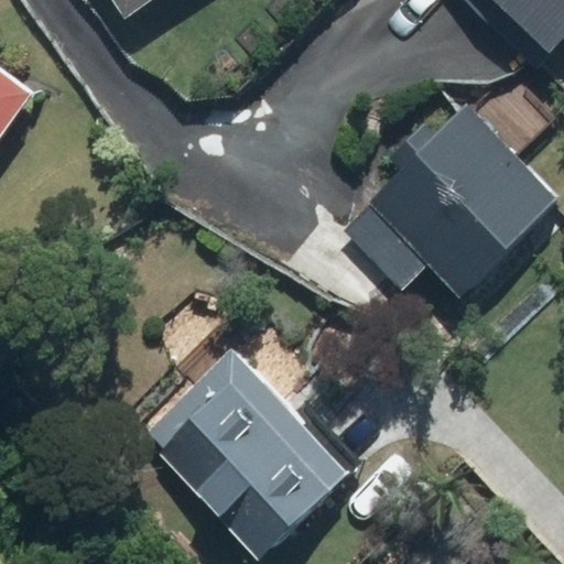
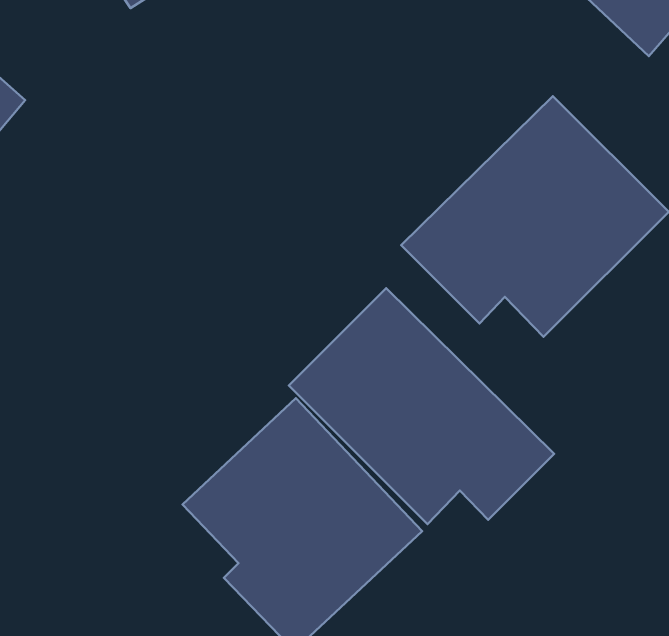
building: none -> [289,288,554,524]

